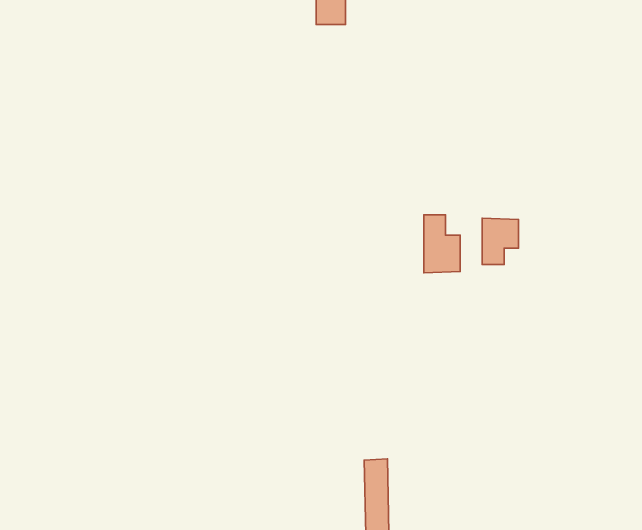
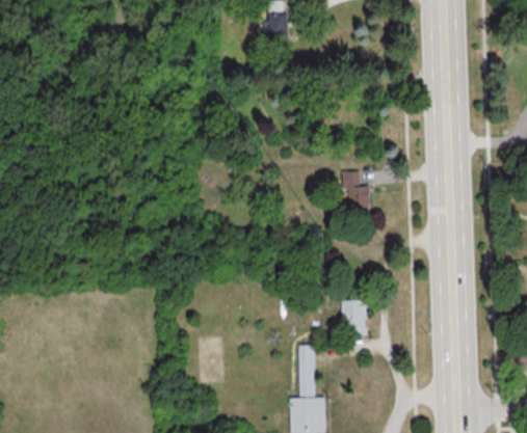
building: [482,218,518,265] -> none
building: none -> [340,299,371,336]

